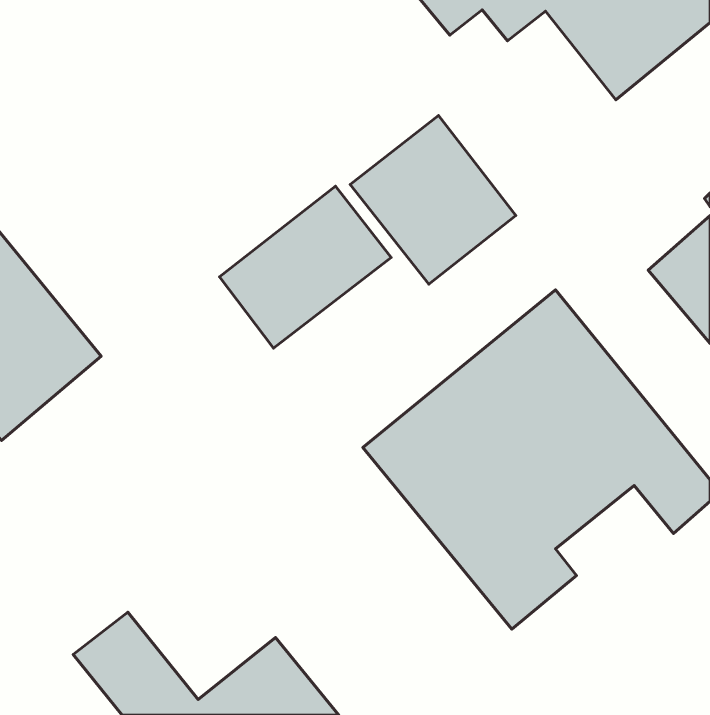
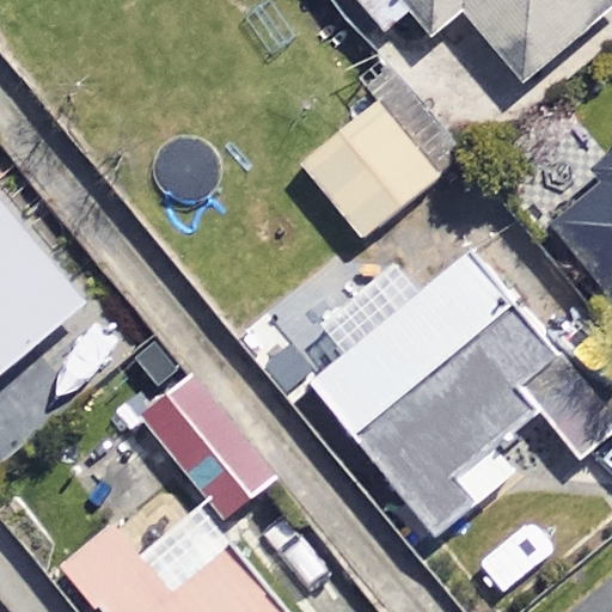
building: [219,186,391,348] -> none
building: none -> [140,378,270,519]

